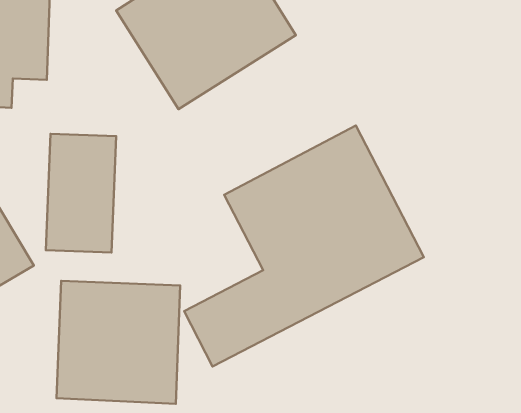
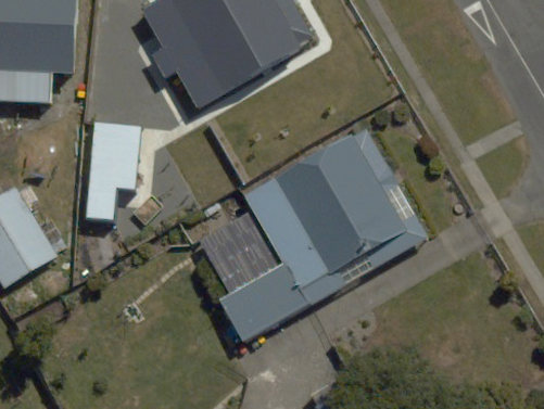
building: [56,281,180,404] -> none

